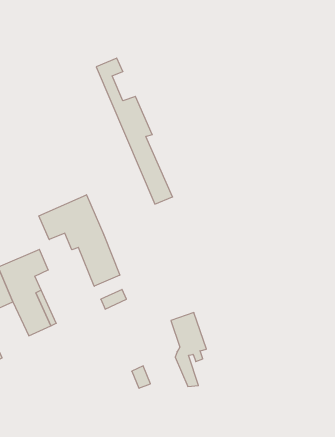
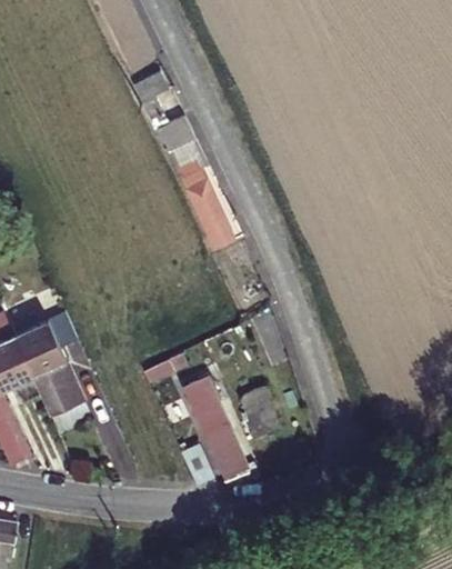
building: [39,195,120,286] -> none
building: none -> [183,383,250,486]

